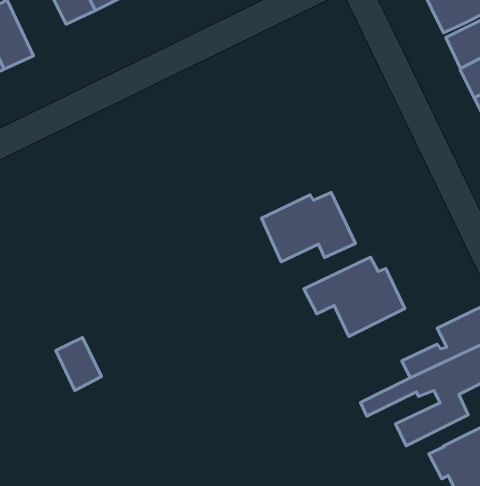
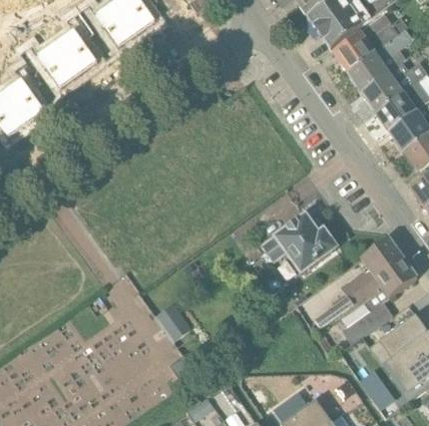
building: [262,193,356,262] -> none
building: [56,338,102,391] -> [155,303,190,341]

